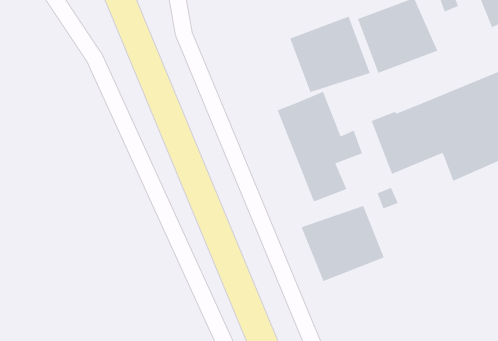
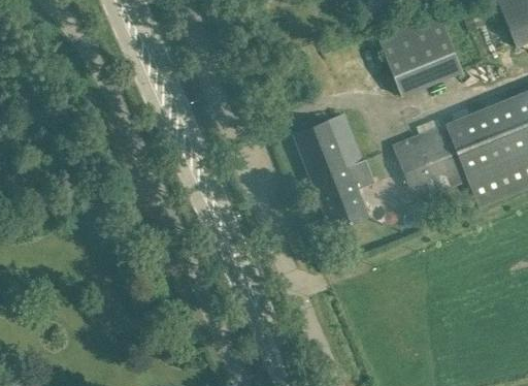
building: [289,16,371,93] -> none
building: [301,205,384,282] -> none

